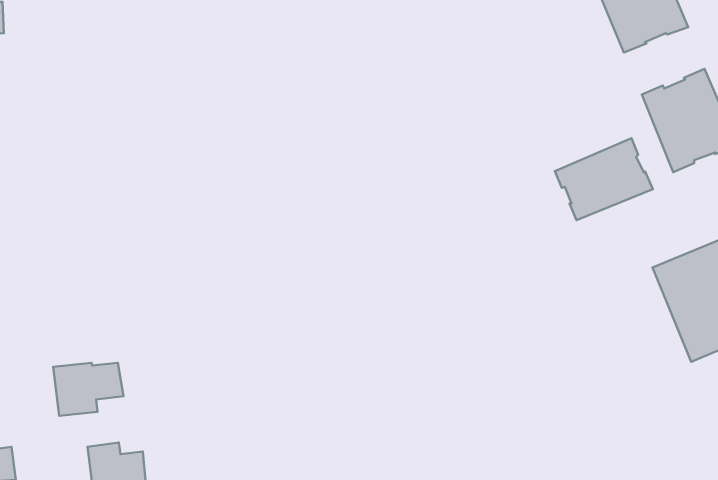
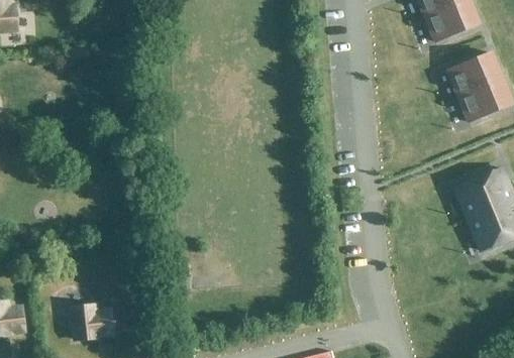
building: [555,138,653,220] -> none
building: [53,363,123,416] -> none

